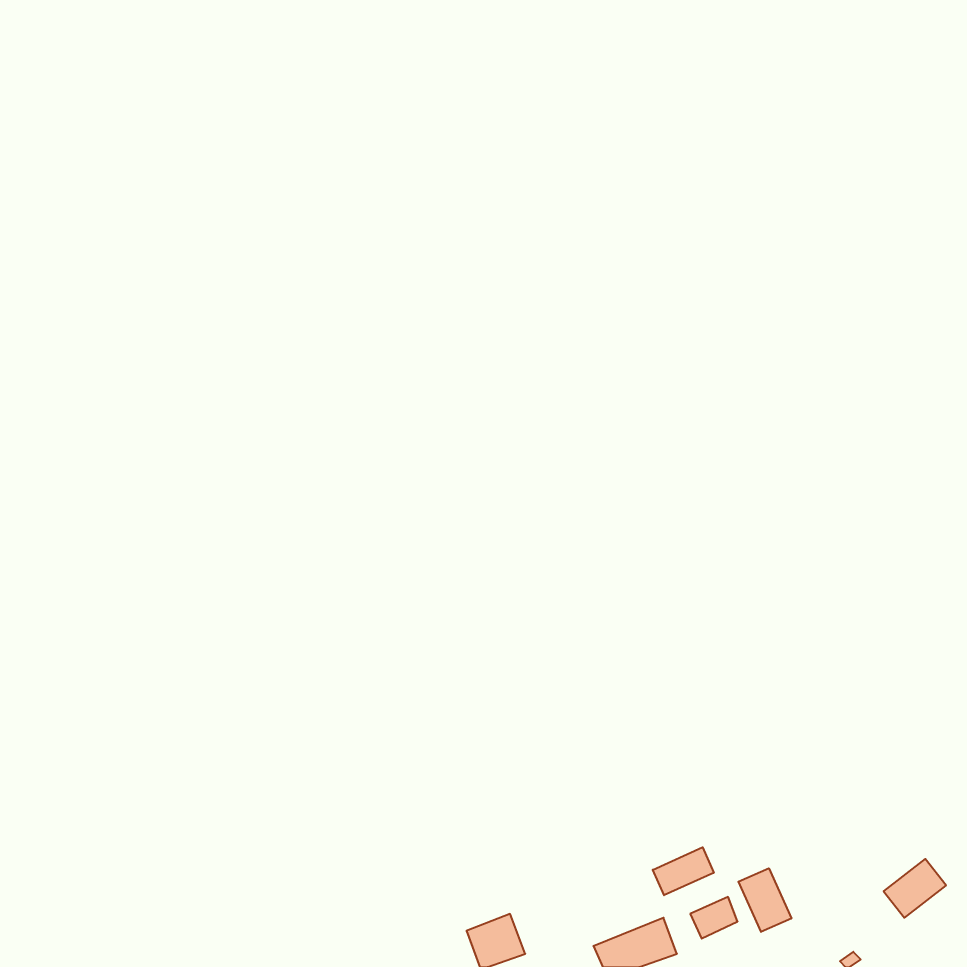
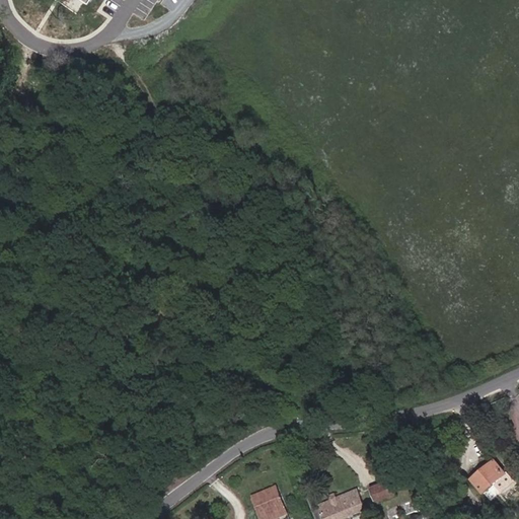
building: [653,847,714,895] -> none
building: [738,868,791,932] -> none

